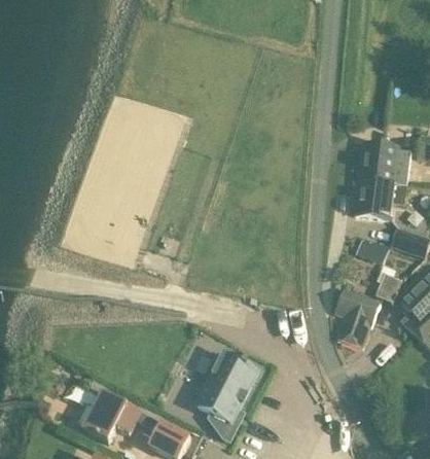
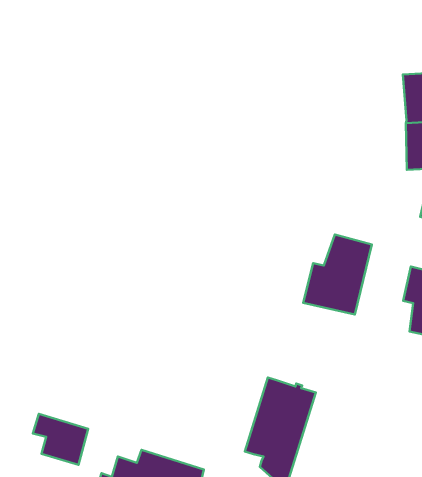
building: none -> [303,235,372,315]
building: none -> [33,414,88,465]

